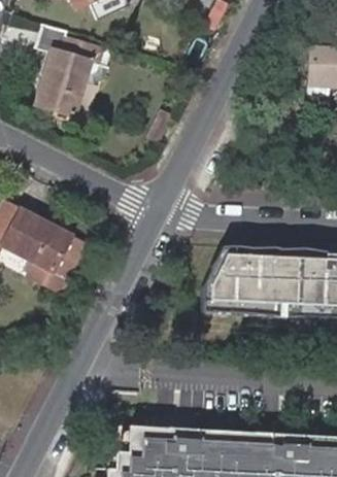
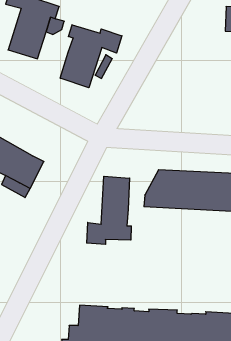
building: none -> [60,25,122,88]
building: none -> [87,176,131,244]

